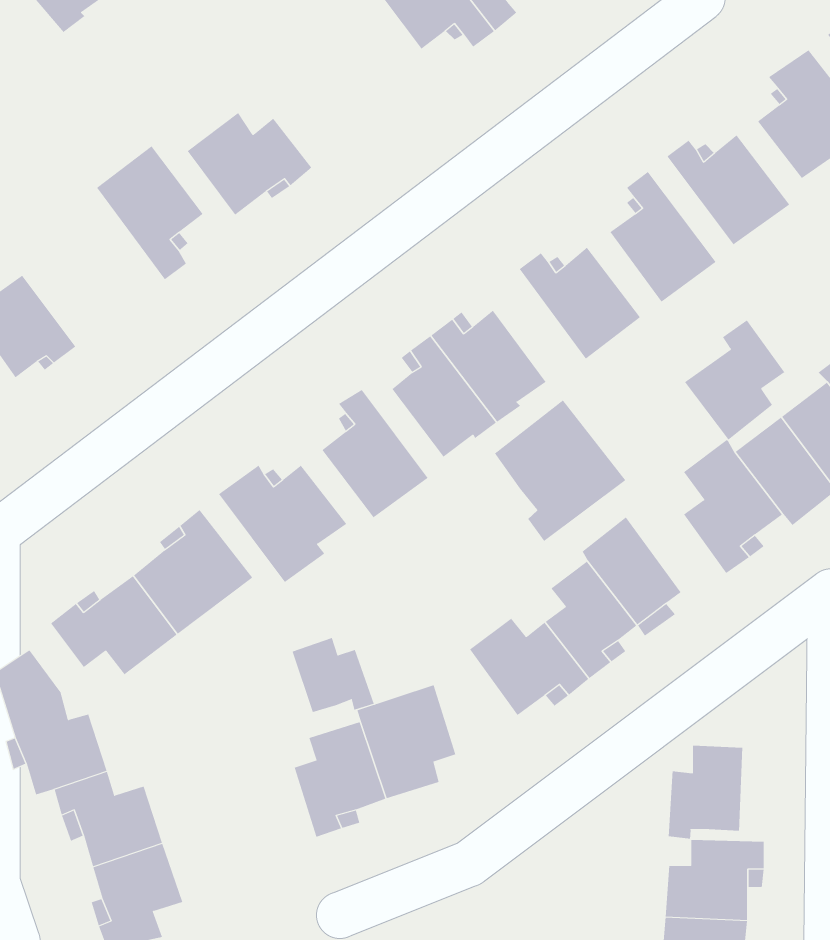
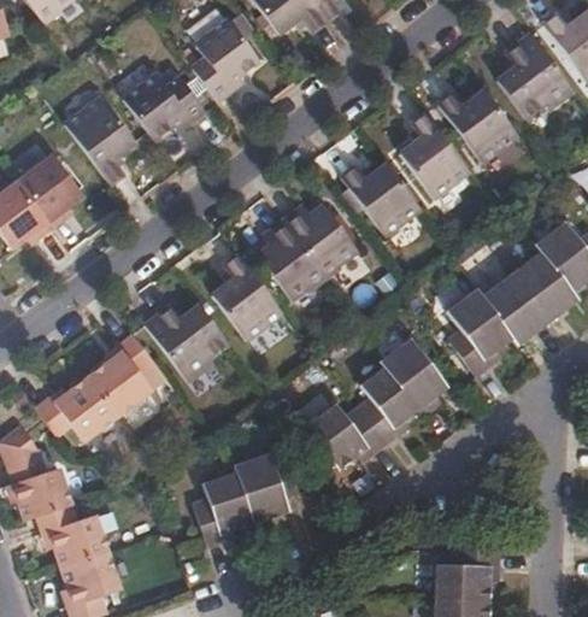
building: none -> [193,19,261,102]
building: none -> [17,153,83,227]
building: [684,319,785,440] -> none
building: [494,399,626,542] -> none
building: [292,637,375,713] -> none
building: [668,745,743,839] -> none

